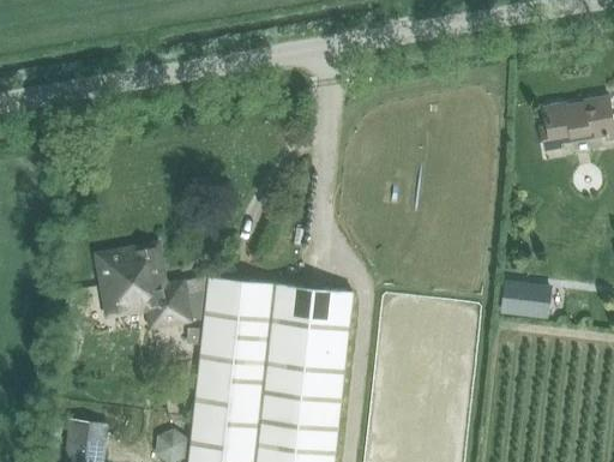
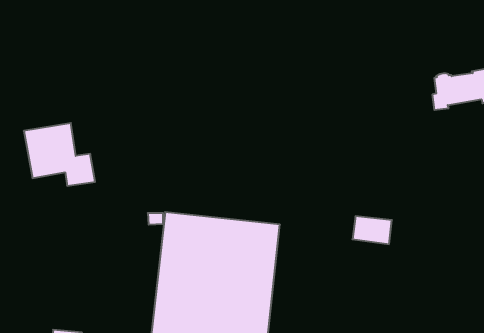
building: [97,246,186,324] -> [24,123,95,186]
building: [500,283,549,318] -> [352,216,392,244]

